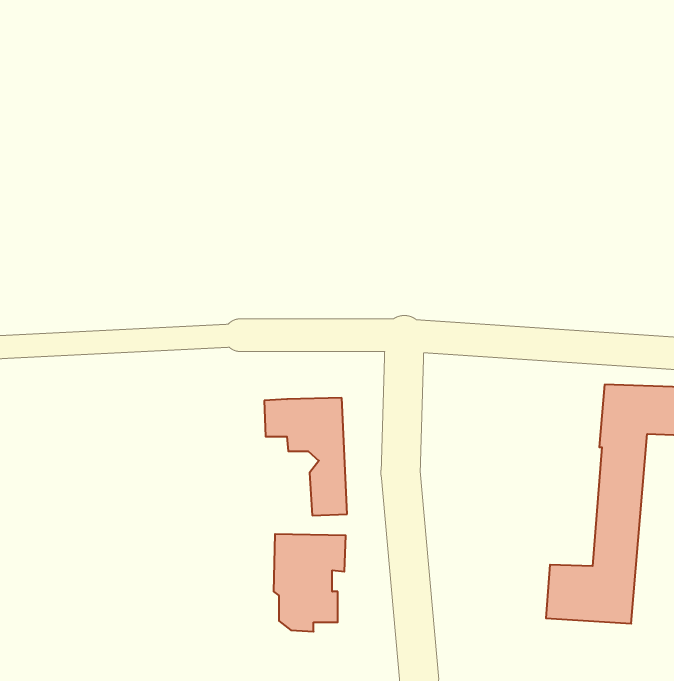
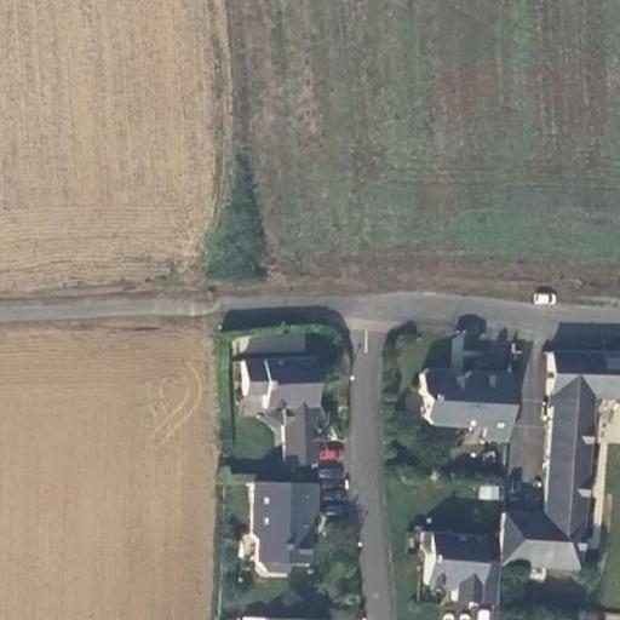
building: none -> [423,371,515,441]
building: none -> [426,532,501,607]

